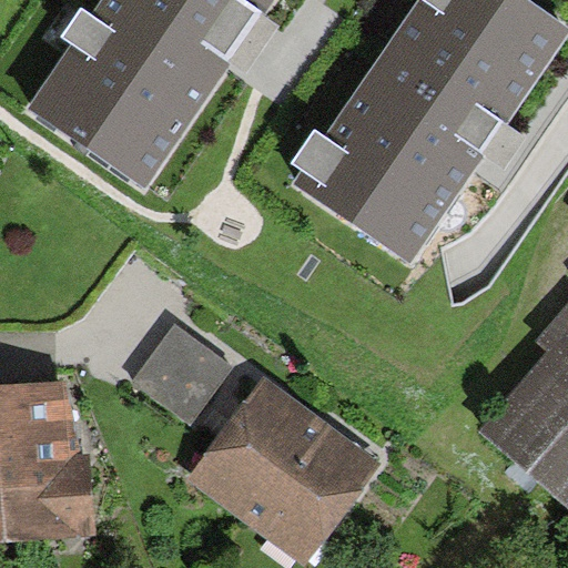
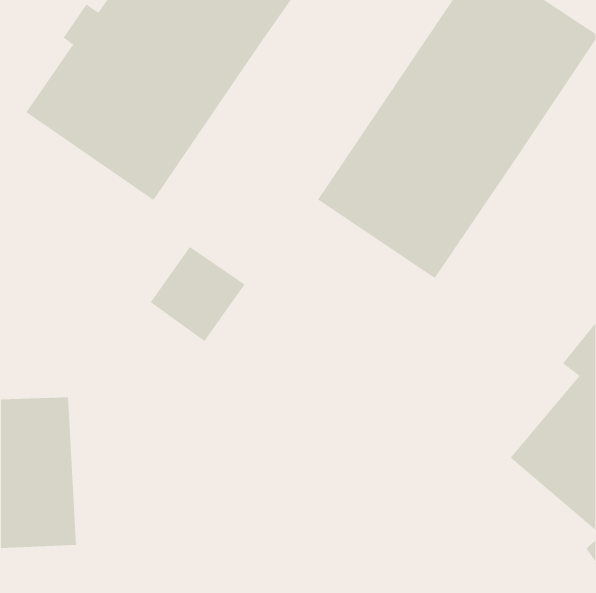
building: [130,321,221,412] -> [150,246,246,342]
building: [186,375,367,550] -> none

